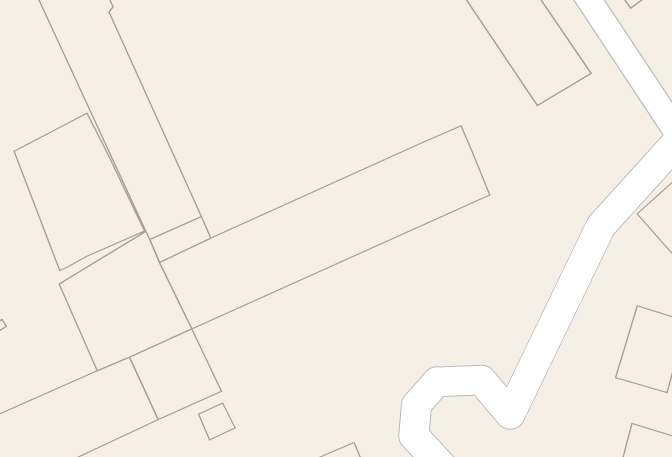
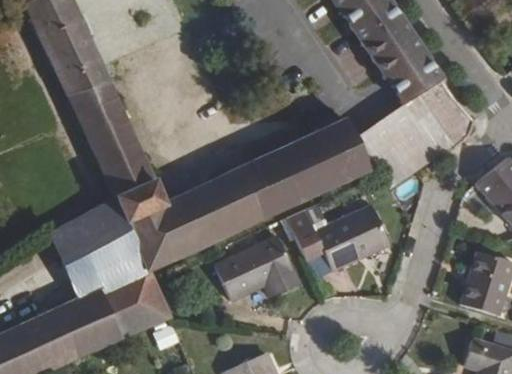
building: none -> [356,79,476,188]
building: [14,113,145,271] -> none
building: none -> [287,206,389,268]
building: none -> [217,236,300,299]

